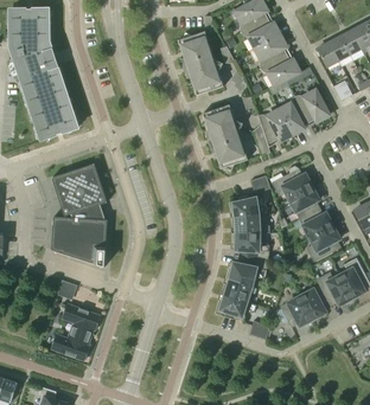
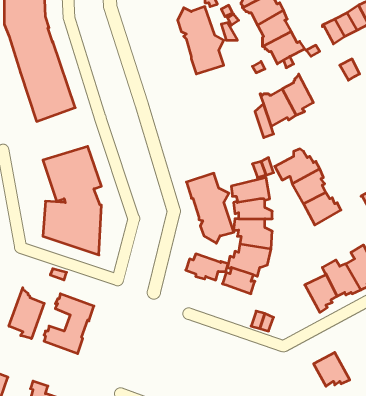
building: [293,89,327,122] -> none
building: [202,104,247,171] -> [186,173,234,243]
building: [306,224,339,261] -> none
building: [215,295,255,320] -> [186,254,228,280]
building: [279,295,313,327] -> [314,352,350,386]
building: none -> [9,288,44,339]

